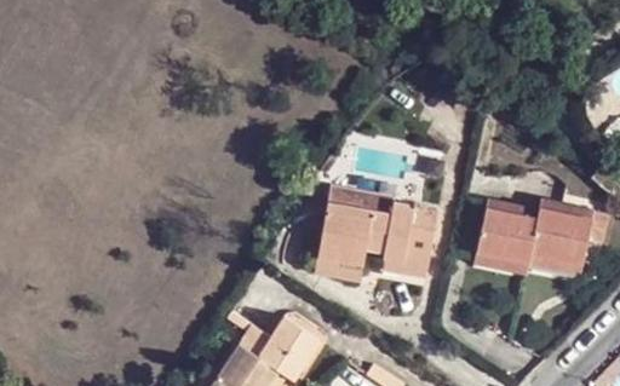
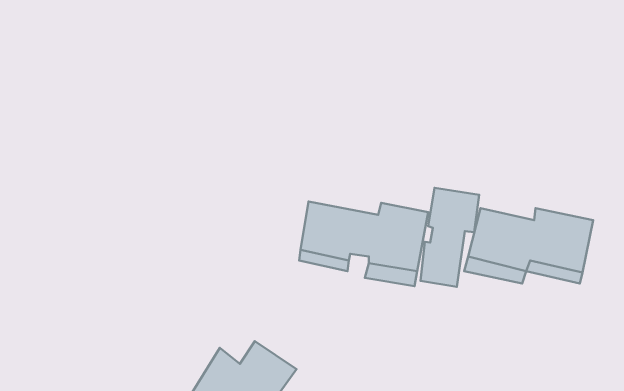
building: none -> [421,188,479,287]

